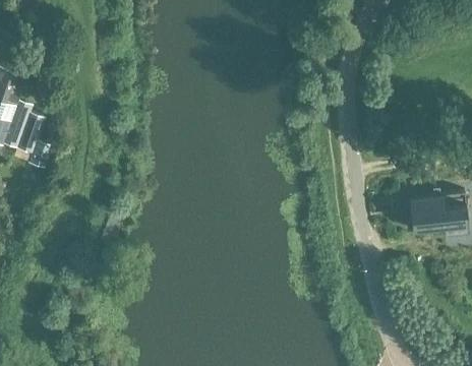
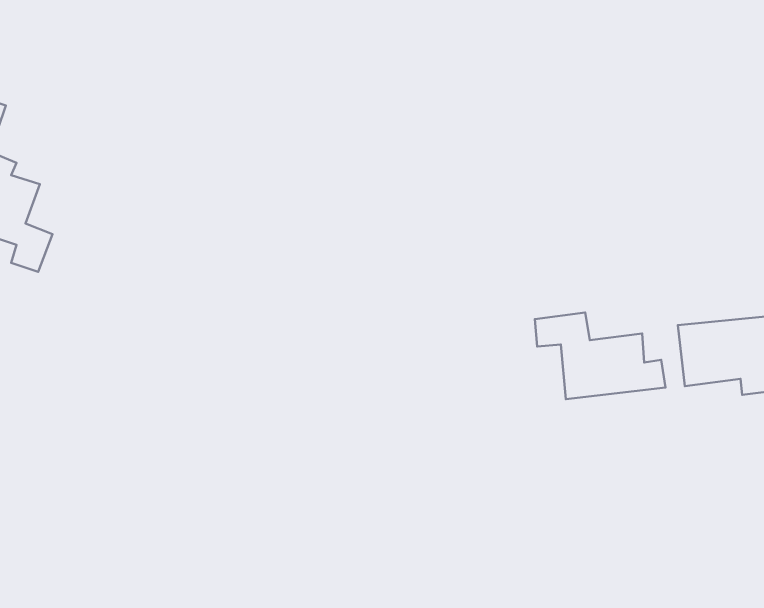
building: none -> [535,312,666,399]

